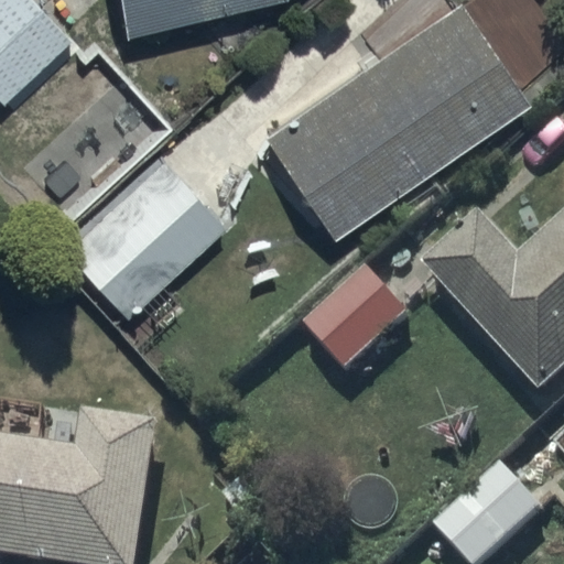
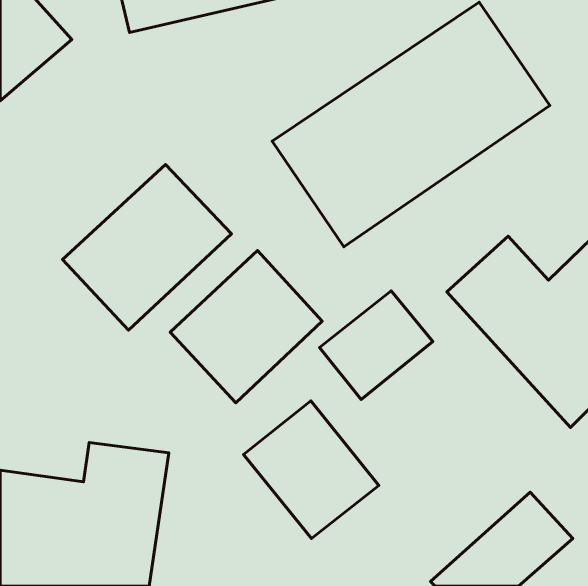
building: none -> [170,251,322,403]
building: none -> [244,401,379,539]

